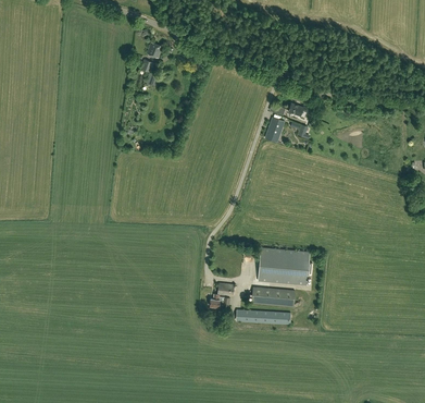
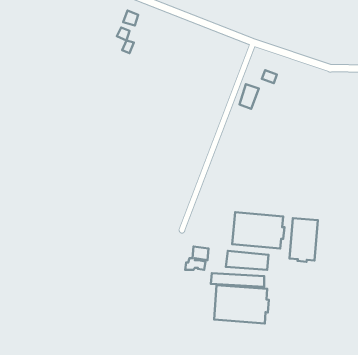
building: none -> [289,218,318,262]
building: none -> [214,285,269,324]

